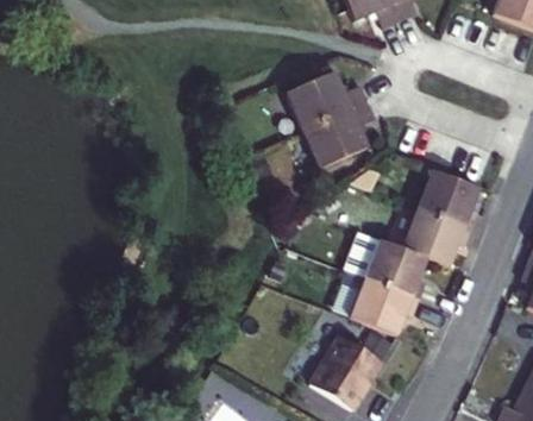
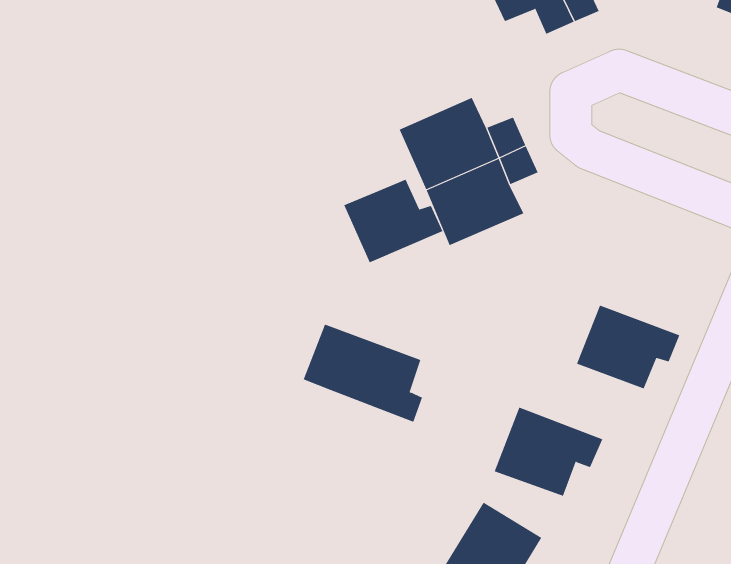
building: none -> [344,179,443,263]
building: [419,169,478,227] -> none
building: [347,231,427,296] -> [303,324,423,422]

